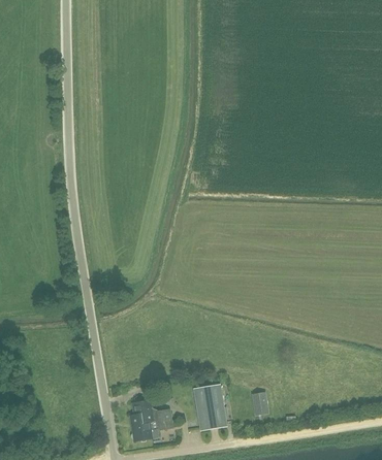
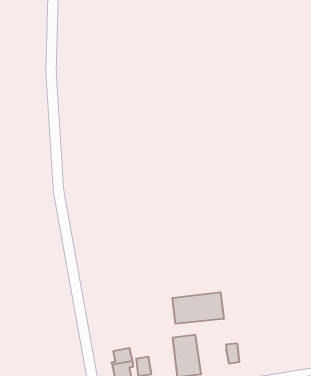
building: none -> [172,292,224,324]

